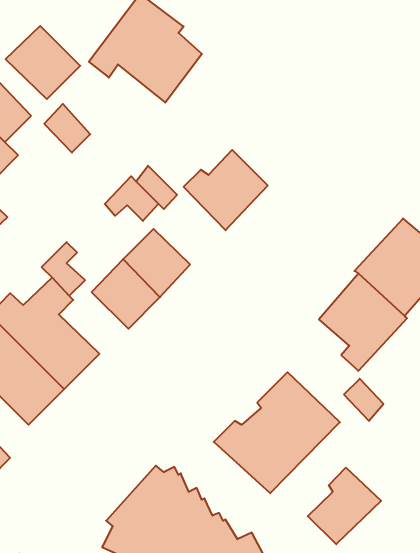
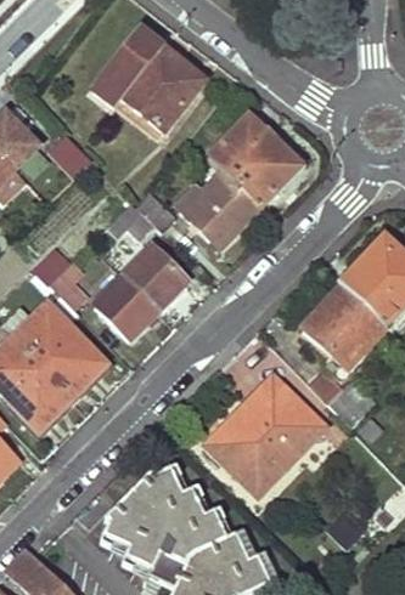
building: [6,26,80,99] -> none
building: none -> [208,118,298,208]
building: [308,468,381,544] -> none

